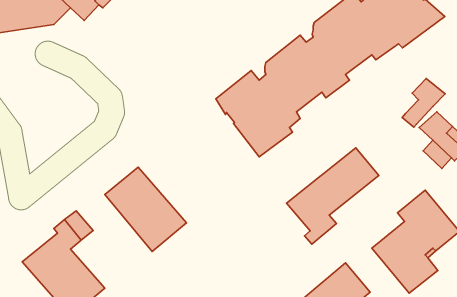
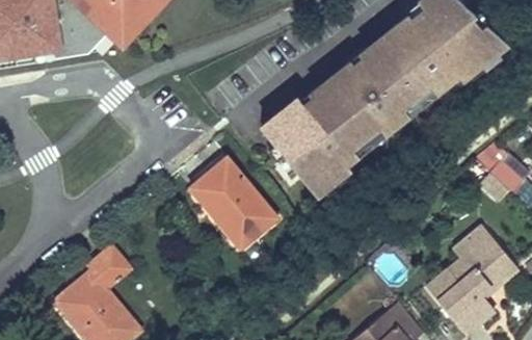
building: [402,78,445,127] -> none
building: [286,148,379,244] -> none
building: [105,167,186,251] -> [192,158,278,247]

